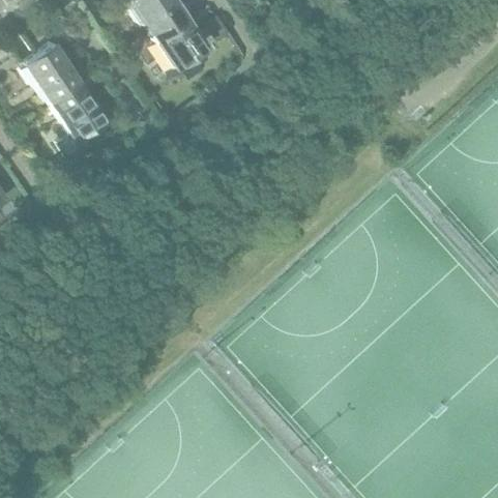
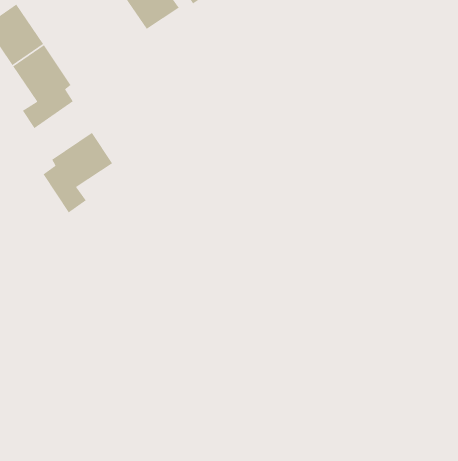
building: none -> [43,132,113,213]

